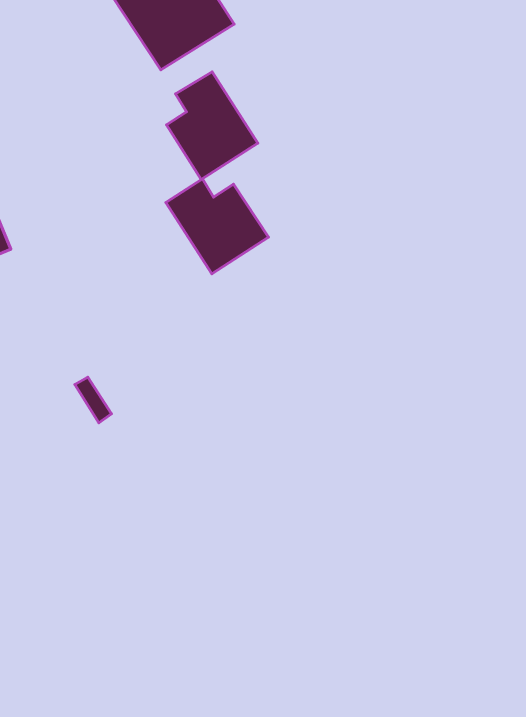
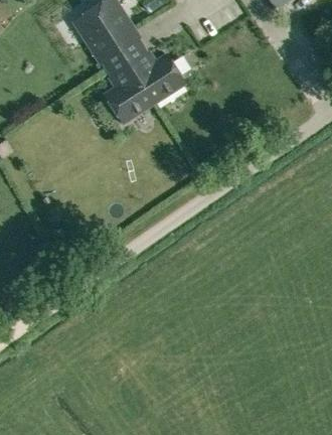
building: [166,179,268,274] -> [129,51,185,104]

